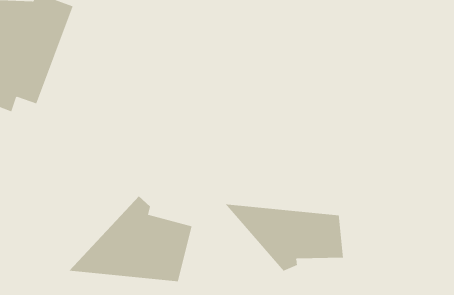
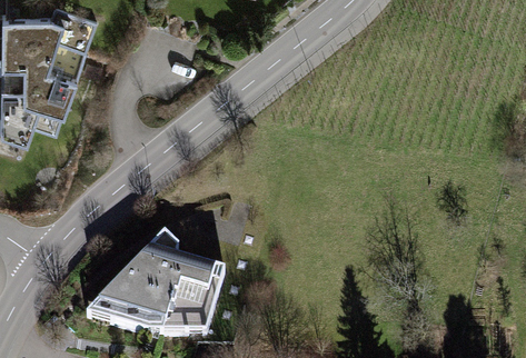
building: [225,203,344,271] -> none

